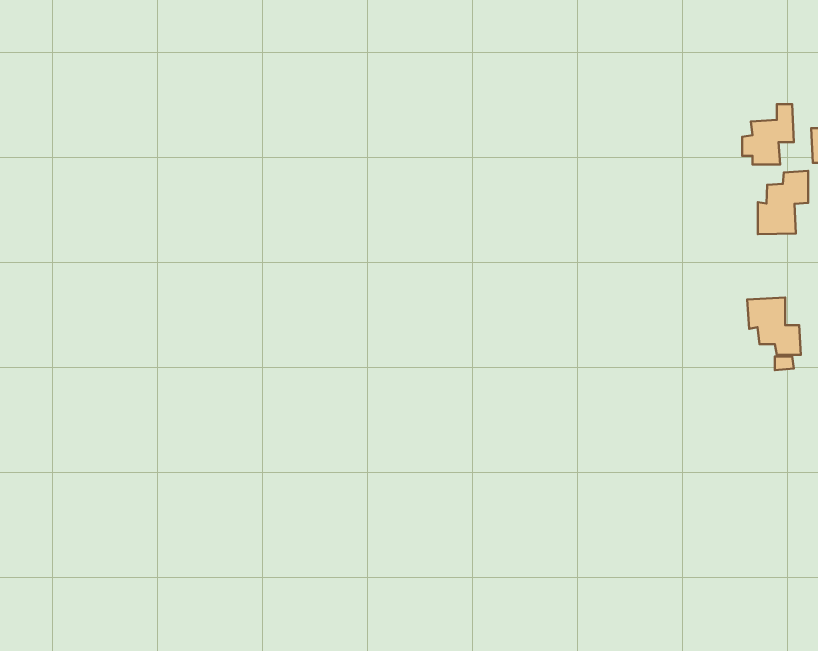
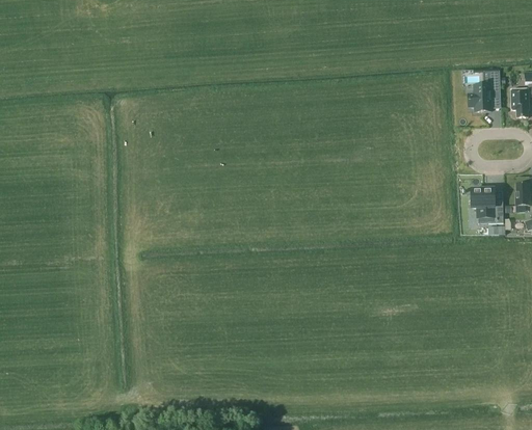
building: [758,171,808,234] -> none

